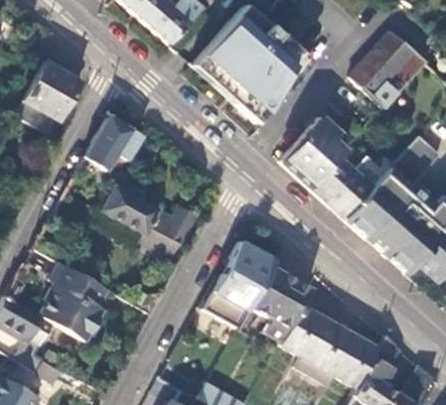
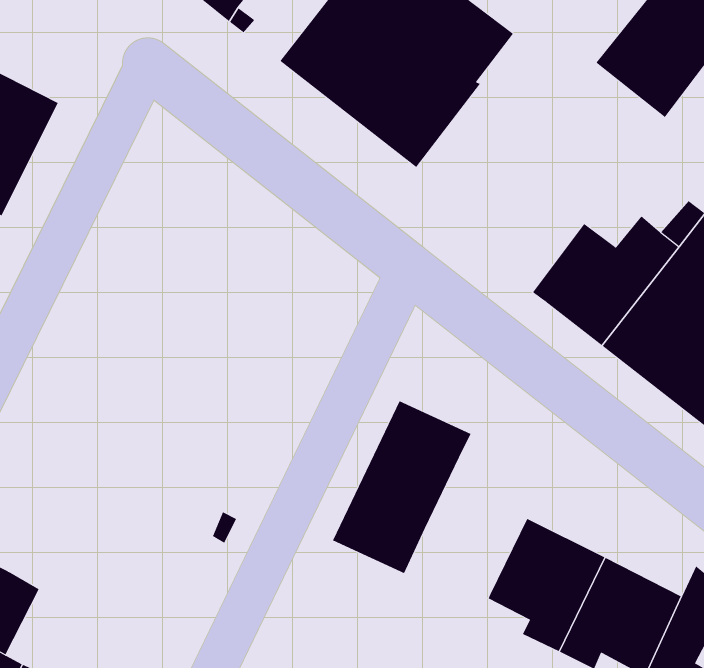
building: [86,113,142,168] -> none
building: [282,117,346,189] -> none
building: [99,183,197,257] -> none
building: [39,264,109,341] -> none
building: [251,266,311,341] -> none

